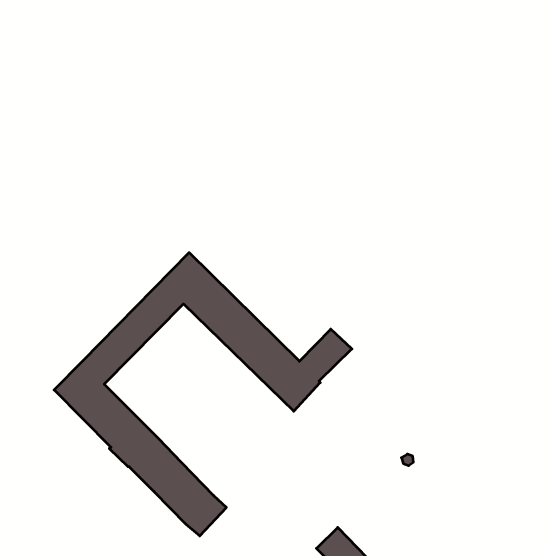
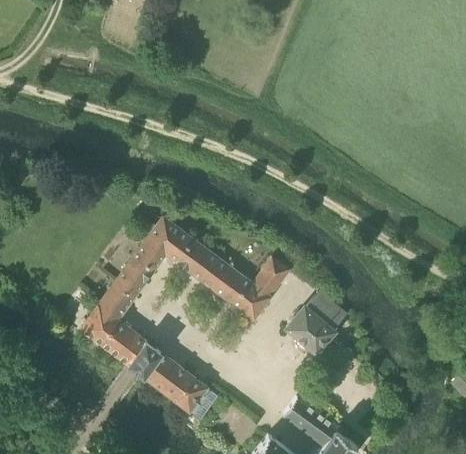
building: none -> [287,293,345,353]

